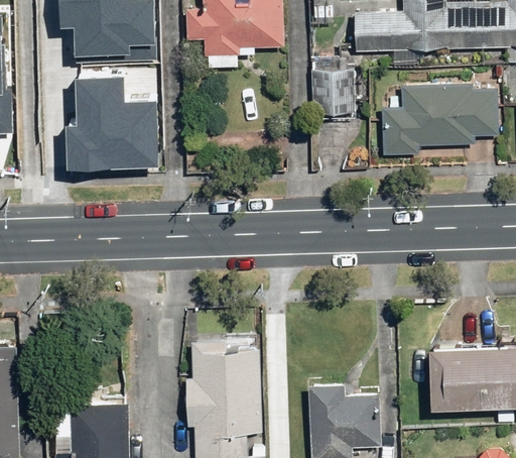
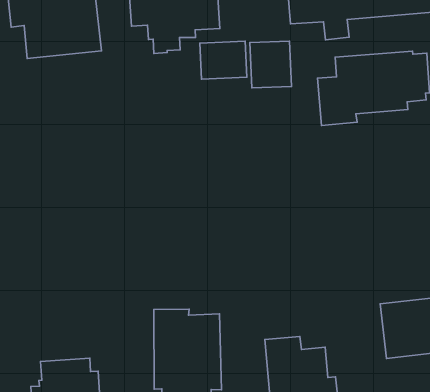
building: none -> [200,41,247,79]
building: [66,81,156,174] -> none

